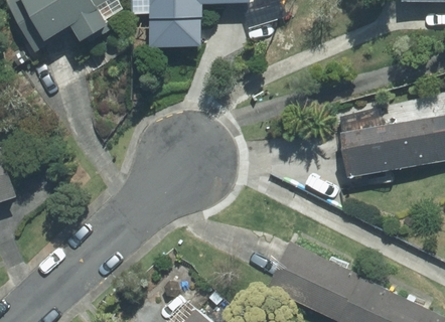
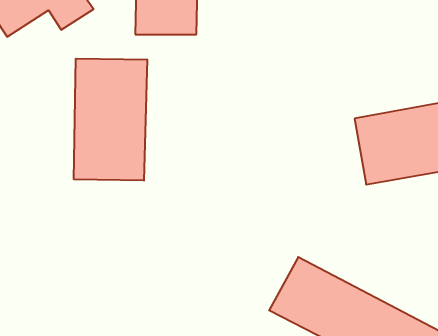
building: none -> [74,59,147,181]

